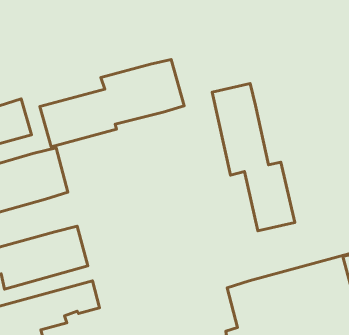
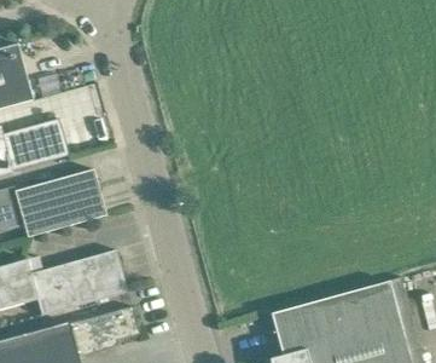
building: [40,59,184,147] -> none
building: [212,83,295,231] -> none

